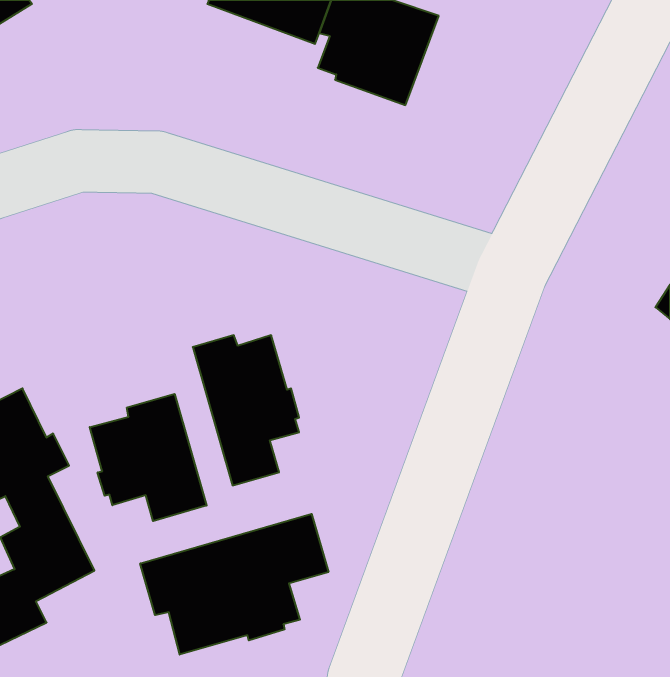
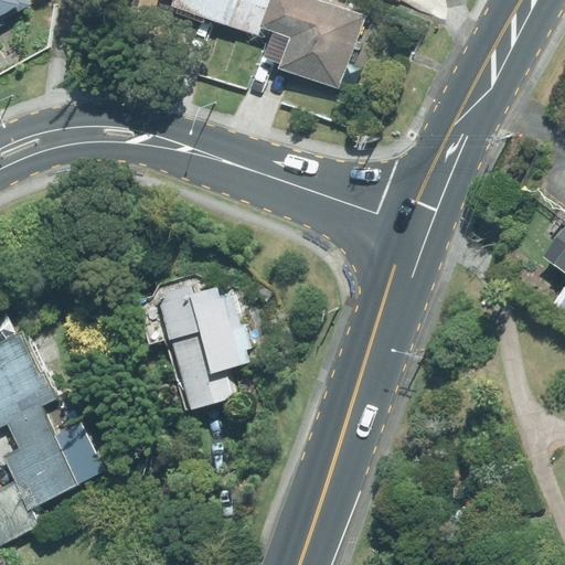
building: [90,394,207,521] -> none
building: [140,514,328,655] -> none

